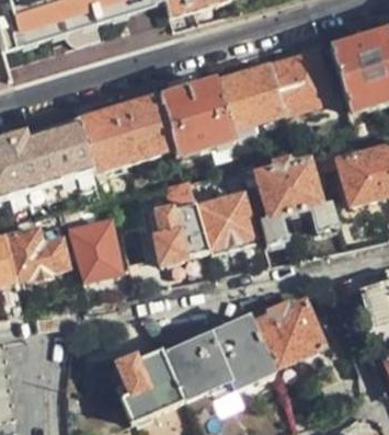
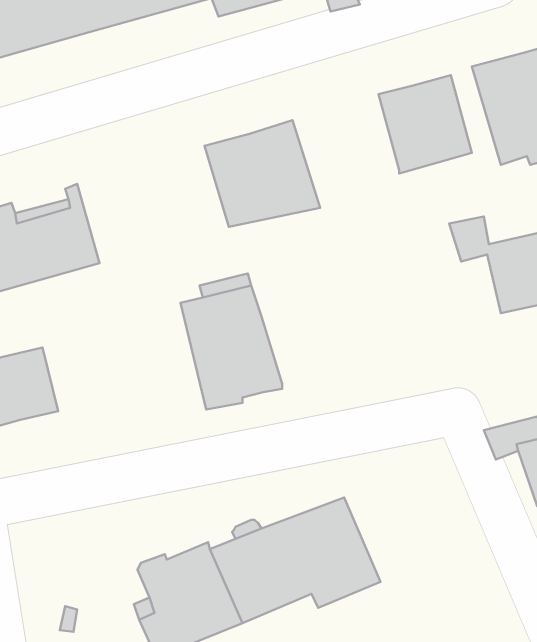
building: [216,62,284,135] -> none
building: [79,83,175,170] -> none
building: [258,160,340,244] -> none
building: [196,194,254,247] -> none
building: [67,220,121,277] -> none
building: [256,301,323,367] -> none

